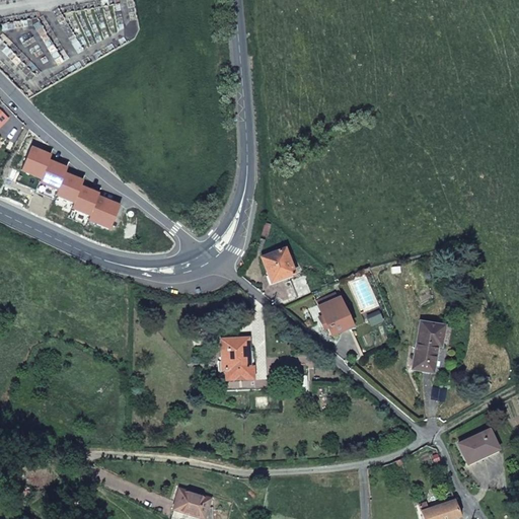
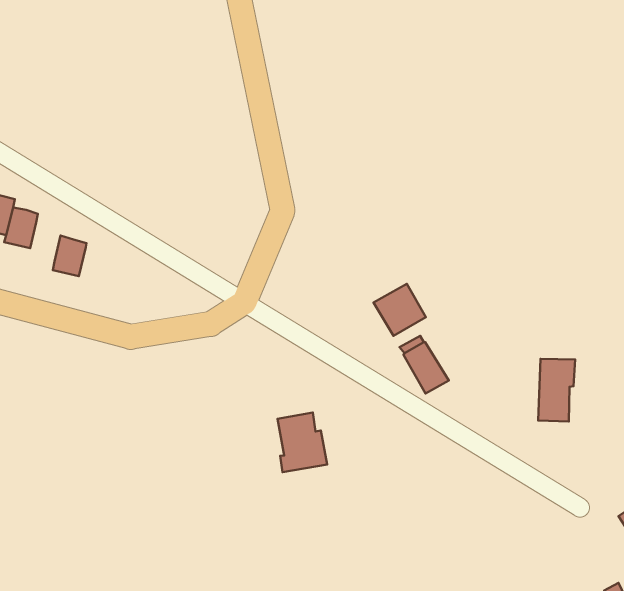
building: [58,171,85,202] -> none
building: [90,195,123,228] -> none
building: [260,247,296,284] -> [373,284,426,336]

